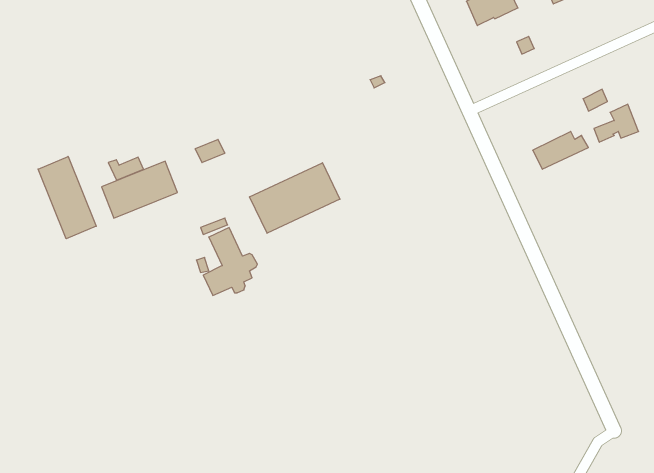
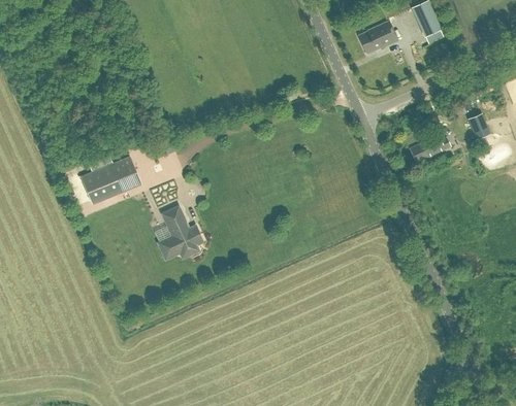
building: [38,156,96,239] -> none
building: [250,163,340,233] -> none

